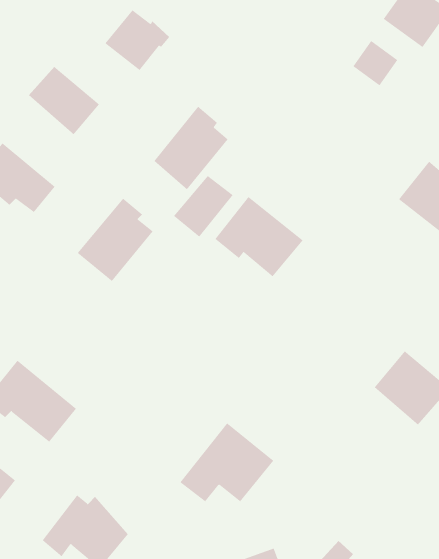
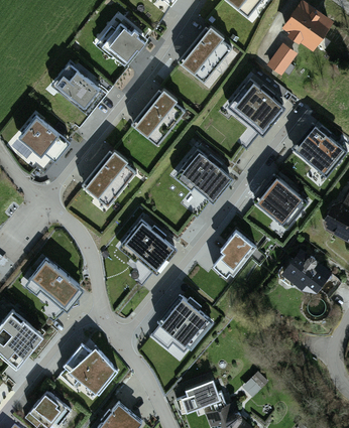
building: none -> [181,26,231,82]
building: none -> [229,78,284,132]
building: [173,175,233,237] -> none
building: none -> [256,176,304,224]
building: none -> [119,219,178,272]
building: none -> [213,231,256,277]

